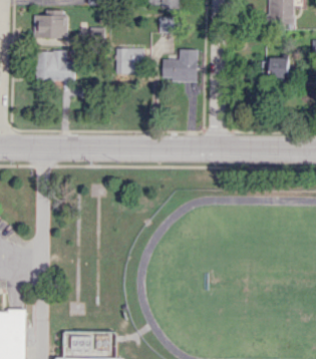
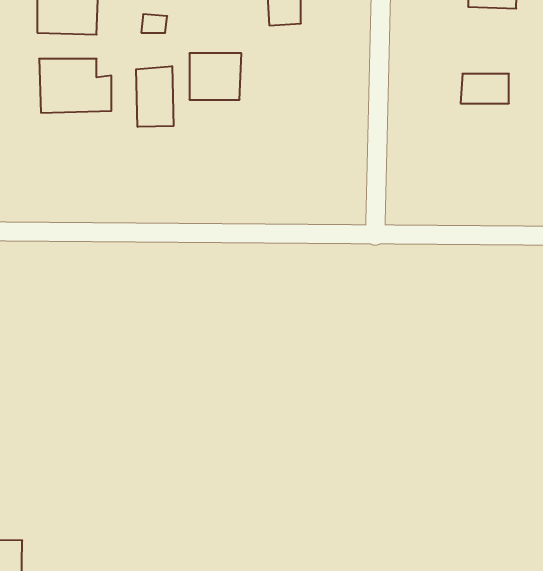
building: [163,49,198,81] -> none
building: none -> [136,66,174,127]

